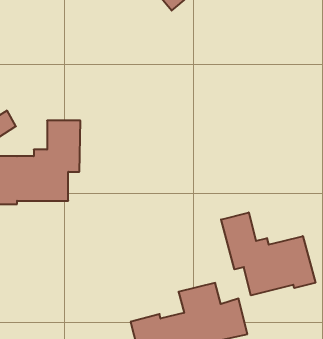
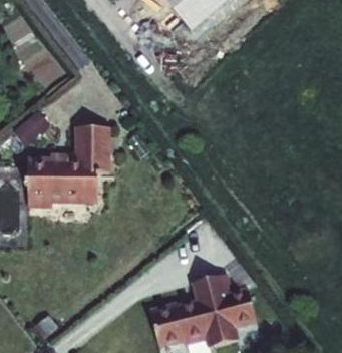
building: [221,212,315,295] -> none

